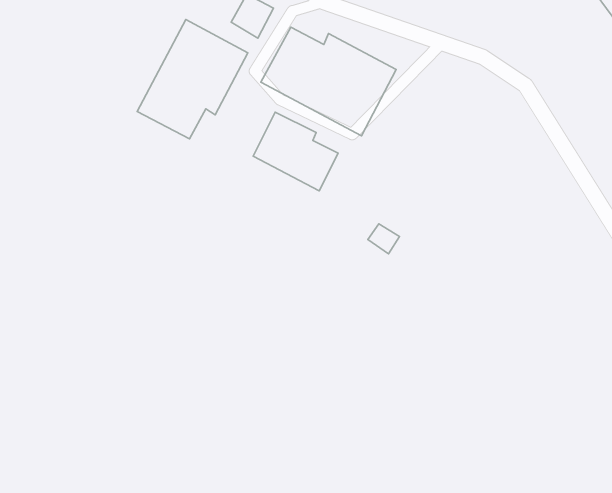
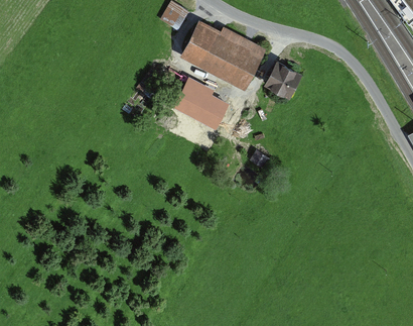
building: [137,20,248,139] -> none
building: none -> [263,61,301,98]

